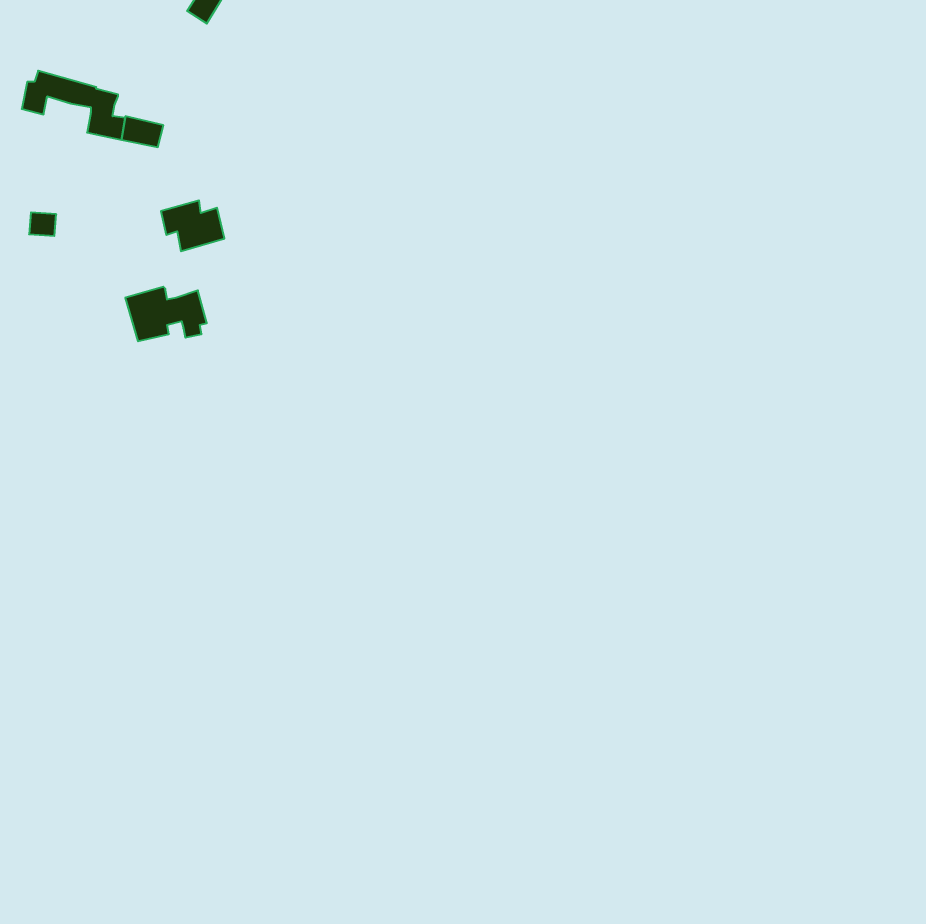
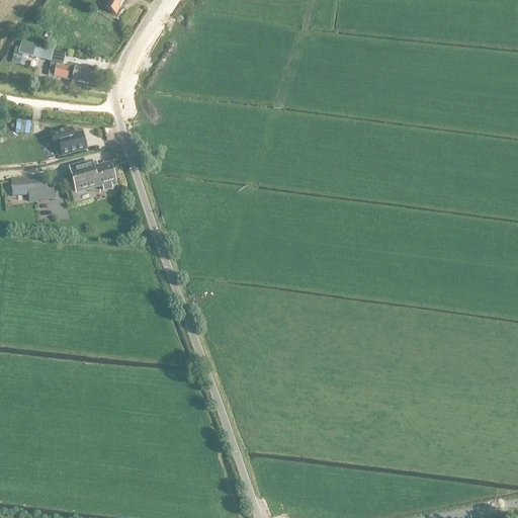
building: [161,200,224,251] -> [52,126,87,155]
building: none -> [12,175,56,199]

